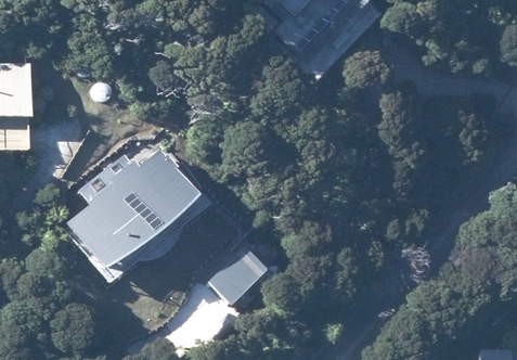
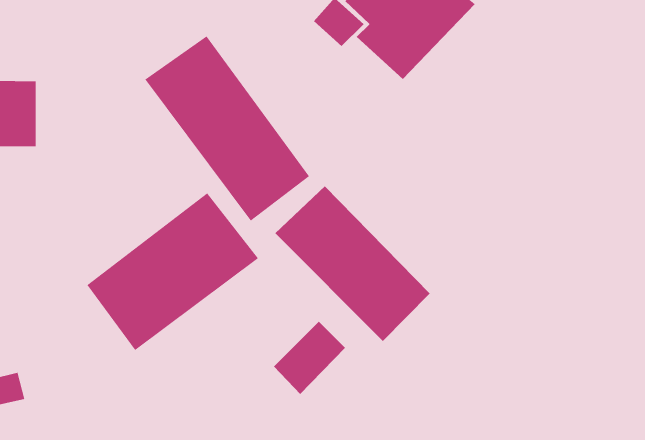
building: none -> [145,36,310,221]
building: none -> [275,186,431,342]

